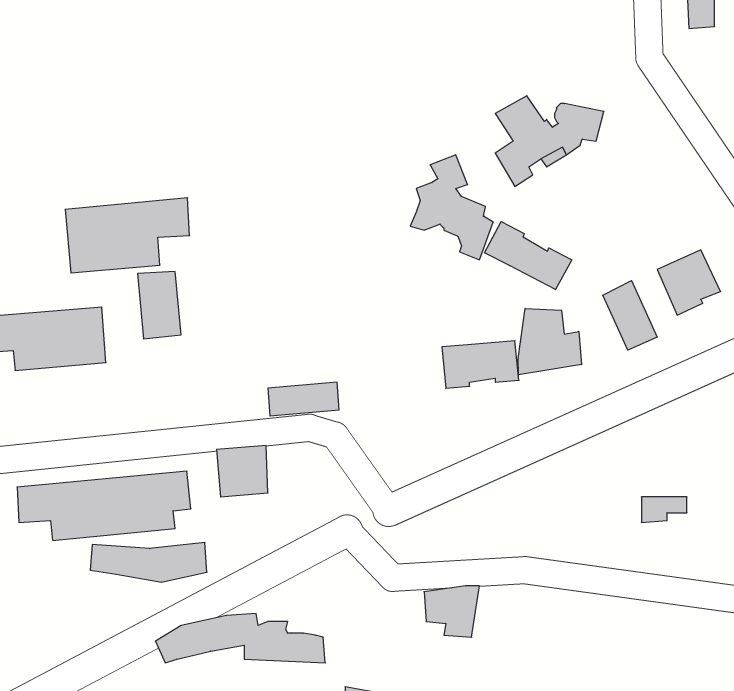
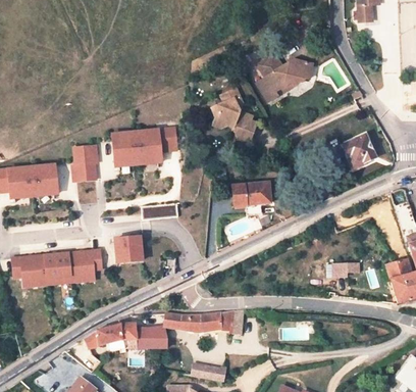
building: [65,198,190,273] -> [112,128,176,166]
building: [484,222,572,290] -> none
building: [603,281,657,350] -> none
building: [518,308,582,375] -> none
building: [90,543,207,582] -> [162,311,222,332]

